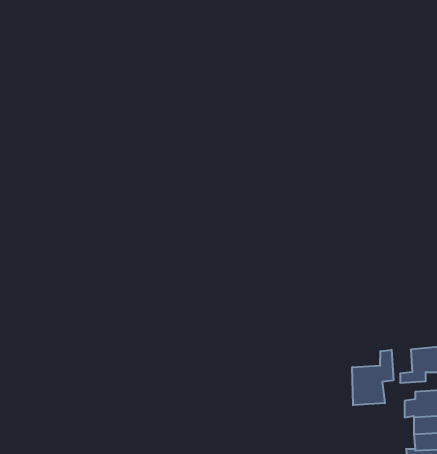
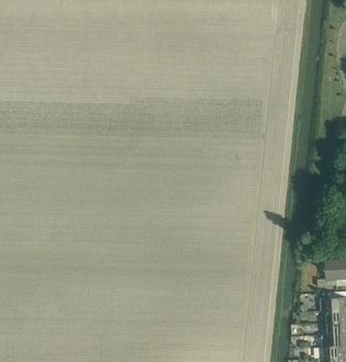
building: [352,350,393,405] -> none

